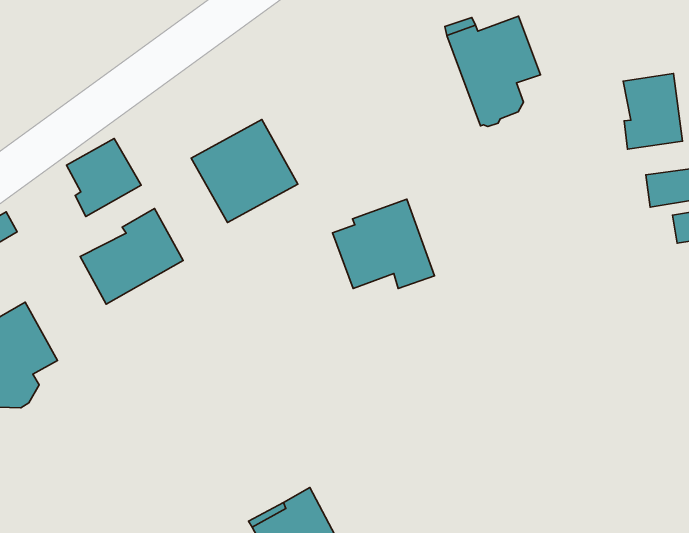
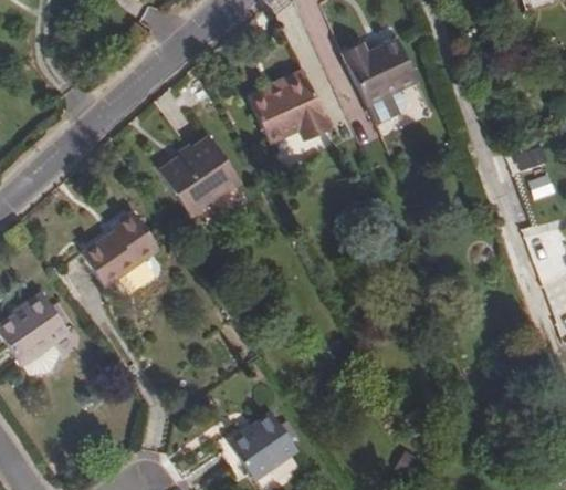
building: [623,74,683,149] -> none
building: [67,138,141,217] -> none
building: [332,199,434,289] -> [250,70,331,142]

